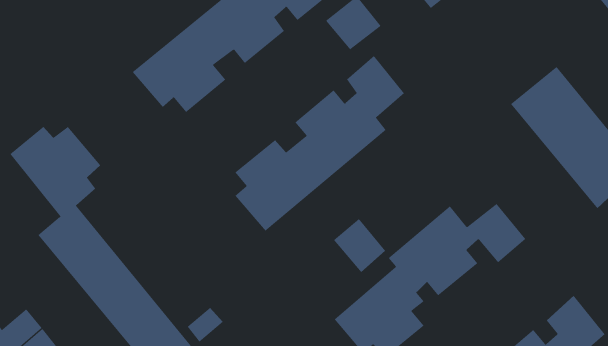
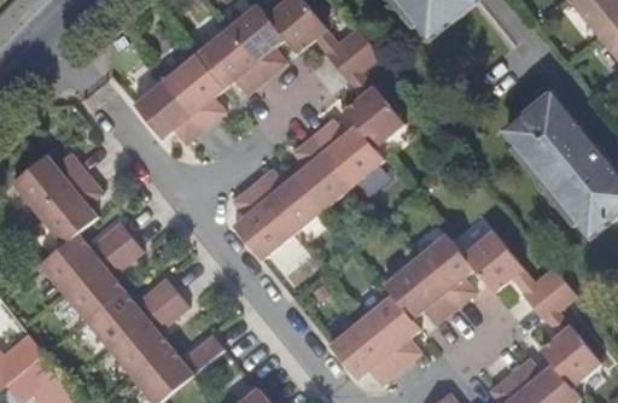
building: none -> [95,224,144,271]
building: [333,218,386,273] -> none
building: none -> [521,265,575,319]
building: none -> [142,280,190,328]

